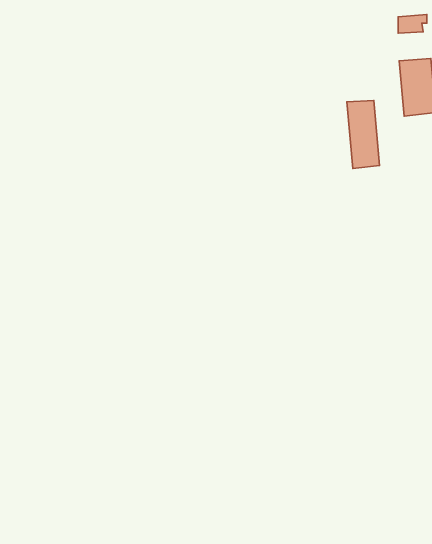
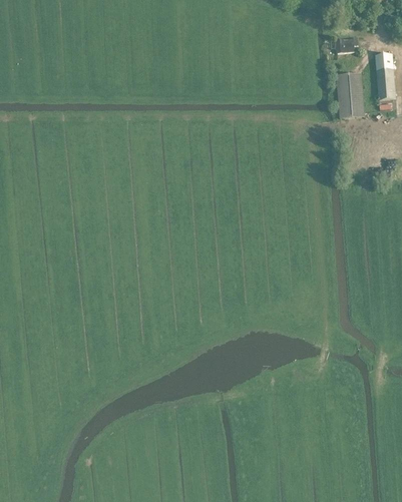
building: [347,100,380,168] -> none

